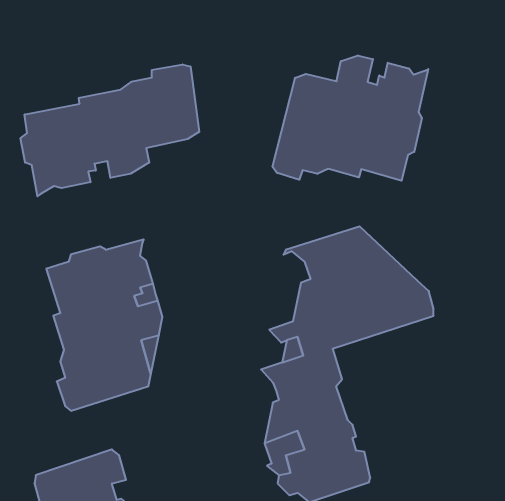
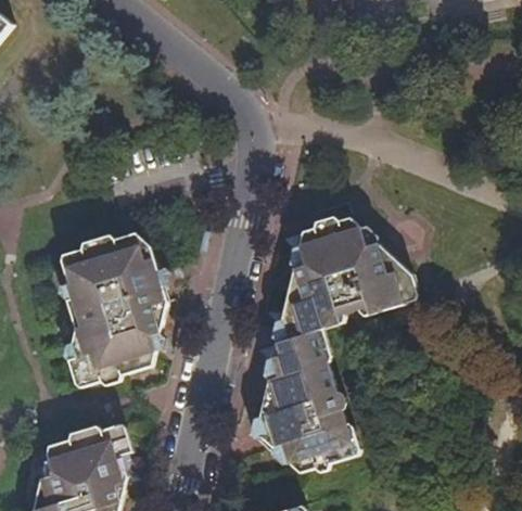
building: [273,55,428,181] -> none
building: [21,64,199,196] -> none

